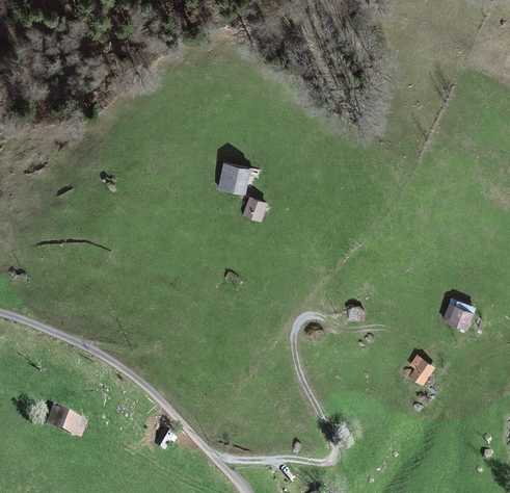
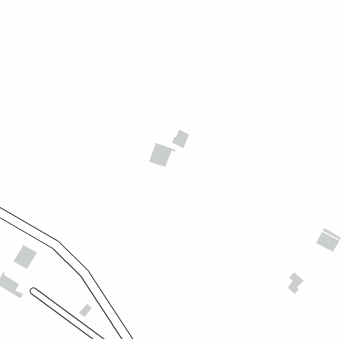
building: [220,162,253,192] -> [148,142,177,168]
building: none -> [13,244,38,270]

